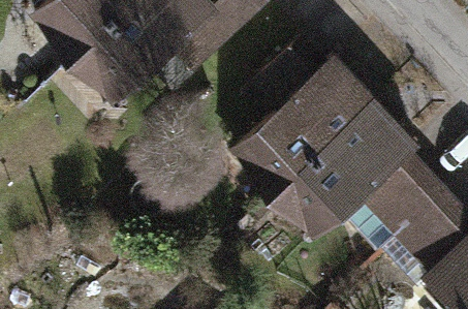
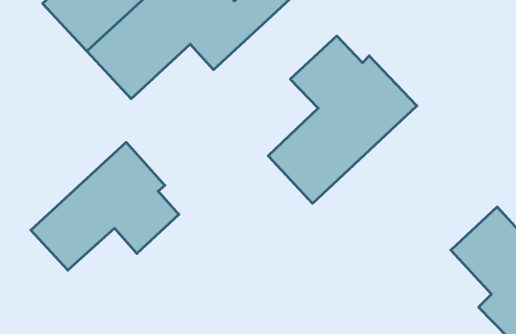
building: [281,102,445,231] -> none
building: none -> [31,142,179,270]

